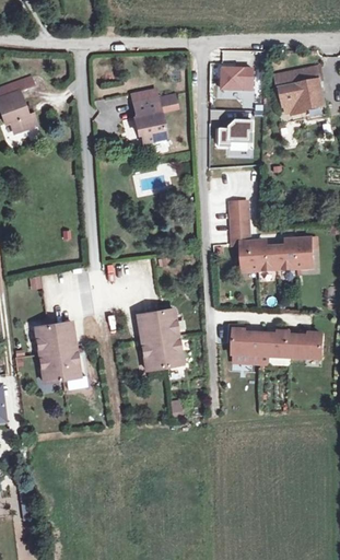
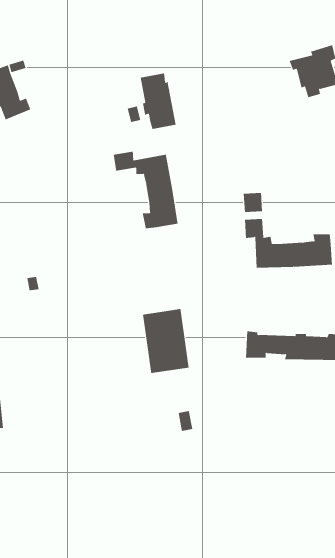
building: [223,70,255,92] -> none
building: [219,121,251,145] -> none
building: none -> [113,151,178,229]
building: [35,318,79,380] -> none

